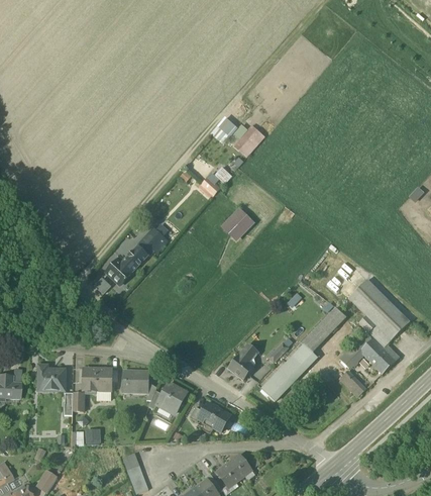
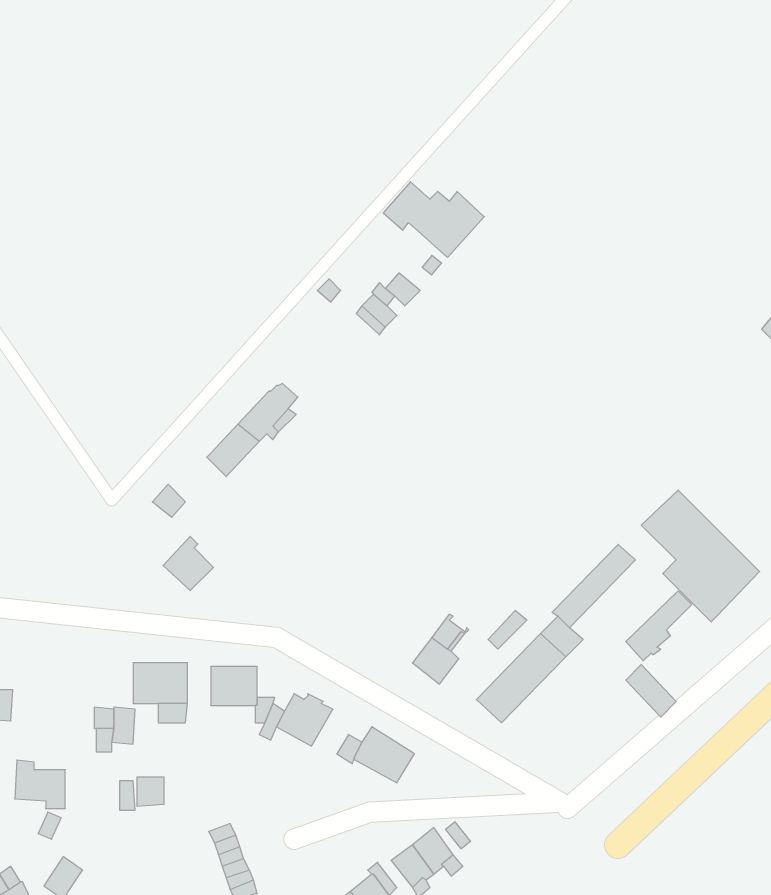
building: [219,207,253,241] -> none
building: [105,256,131,284] -> [163,536,213,591]
building: [360,338,399,373] -> none
building: [36,365,63,390] -> [15,760,65,809]

